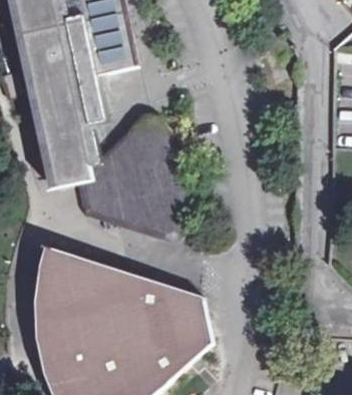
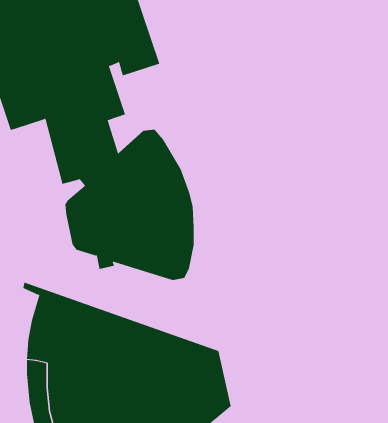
building: [35,106,91,188] -> none

